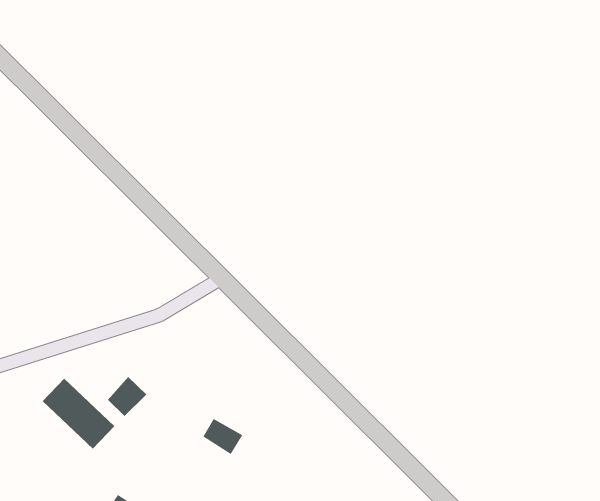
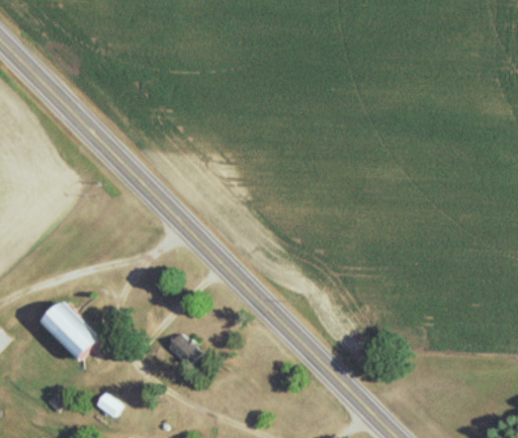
building: [107,376,147,417] -> none

